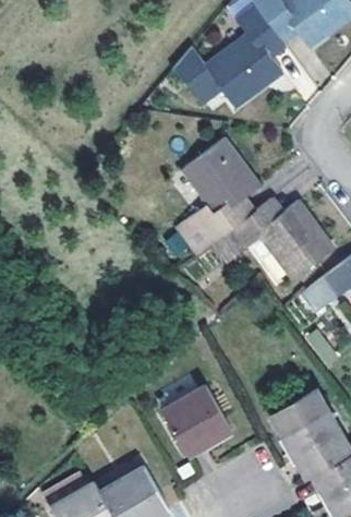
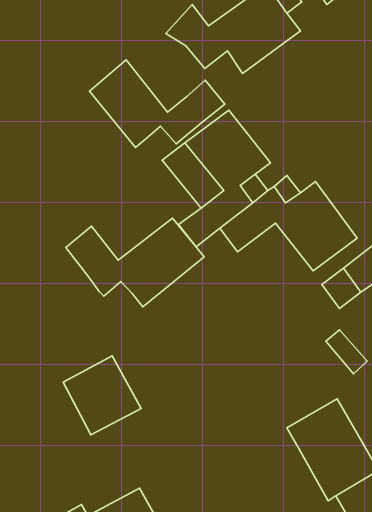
building: none -> [90,60,225,148]
building: none -> [66,218,204,307]
building: [164,386,231,455] -> [63,356,141,435]

